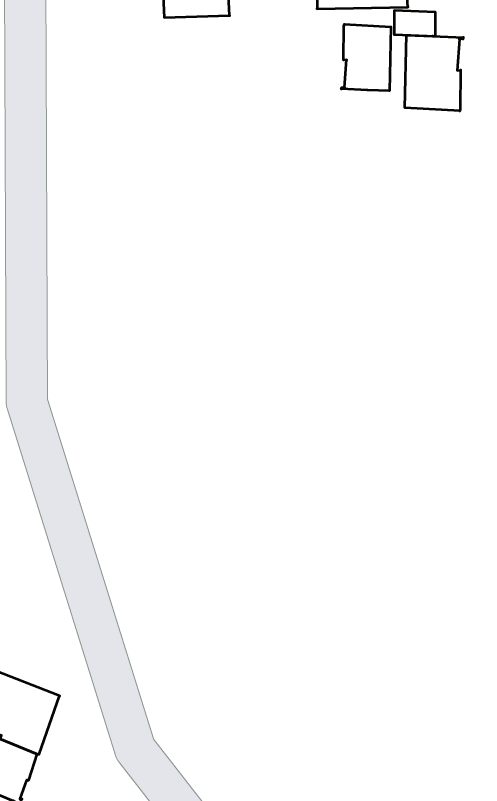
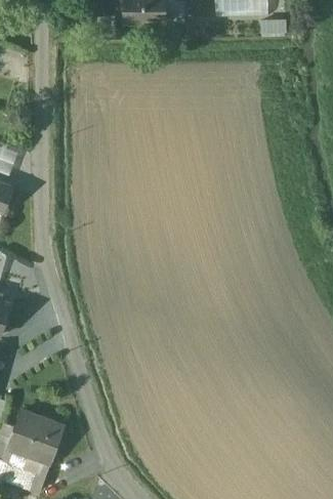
building: [341,24,391,91] -> none
building: [405,35,463,111] -> none

